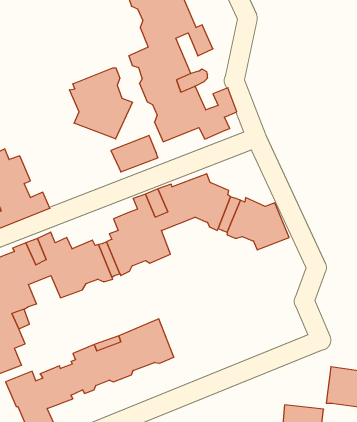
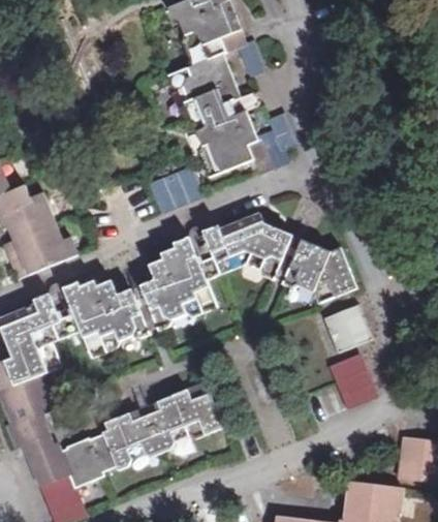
building: [69,68,133,139] -> none
building: none -> [323,303,371,349]
building: none -> [327,354,375,406]

